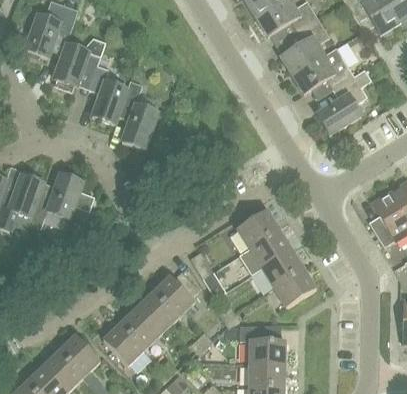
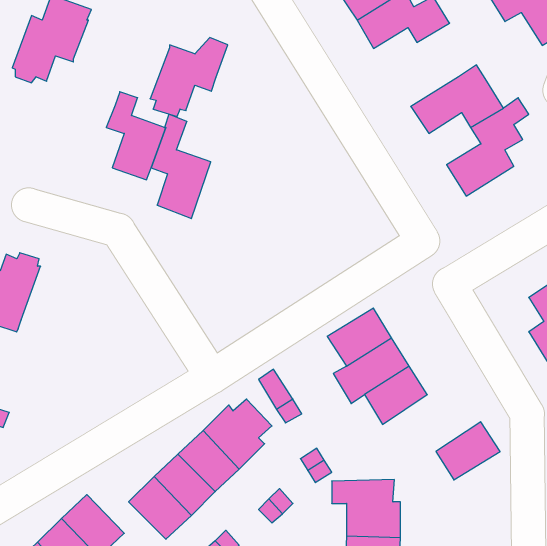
building: [280,19,329,75] -> none
building: [53,38,105,91] -> [150,38,228,117]
building: [29,173,94,228] -> none
building: [273,268,316,307] -> [436,422,500,480]

